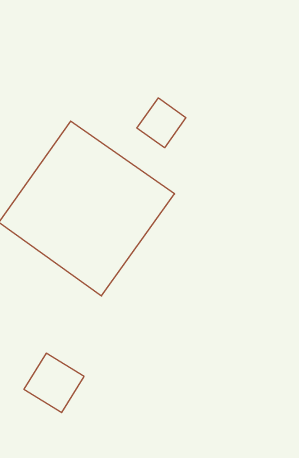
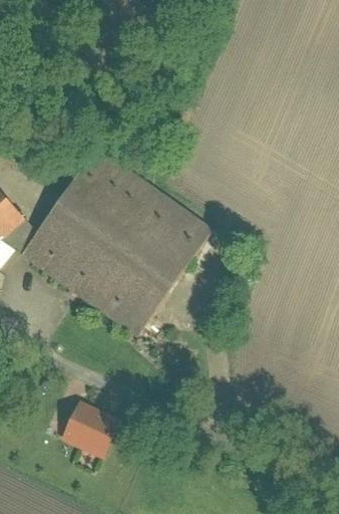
building: [137,98,186,148] -> none

